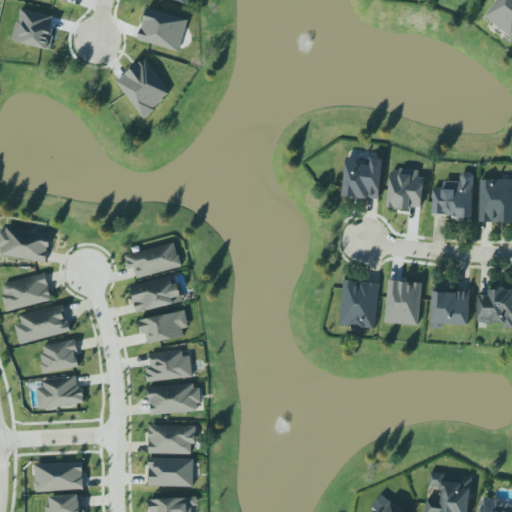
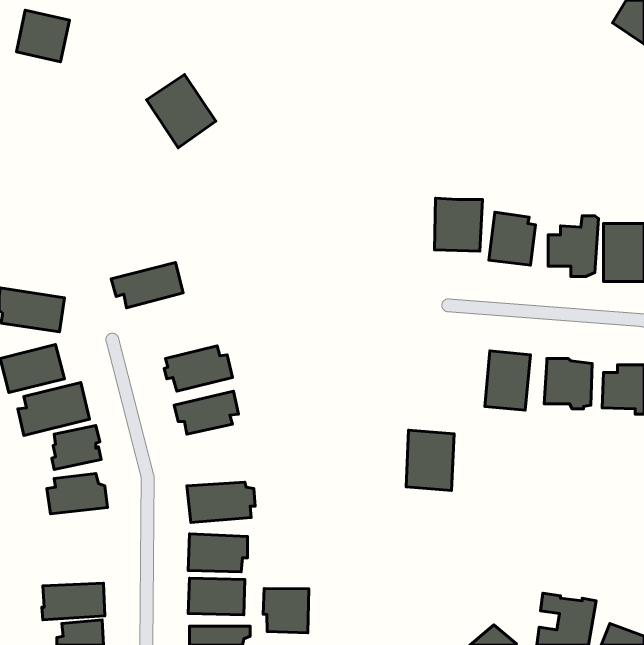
building: [138,8,187,52] -> none
building: [124,243,181,279] -> [111,262,183,308]
building: [340,281,378,329] -> [406,430,454,491]
building: [145,351,191,380] -> none
building: none -> [263,588,309,633]

